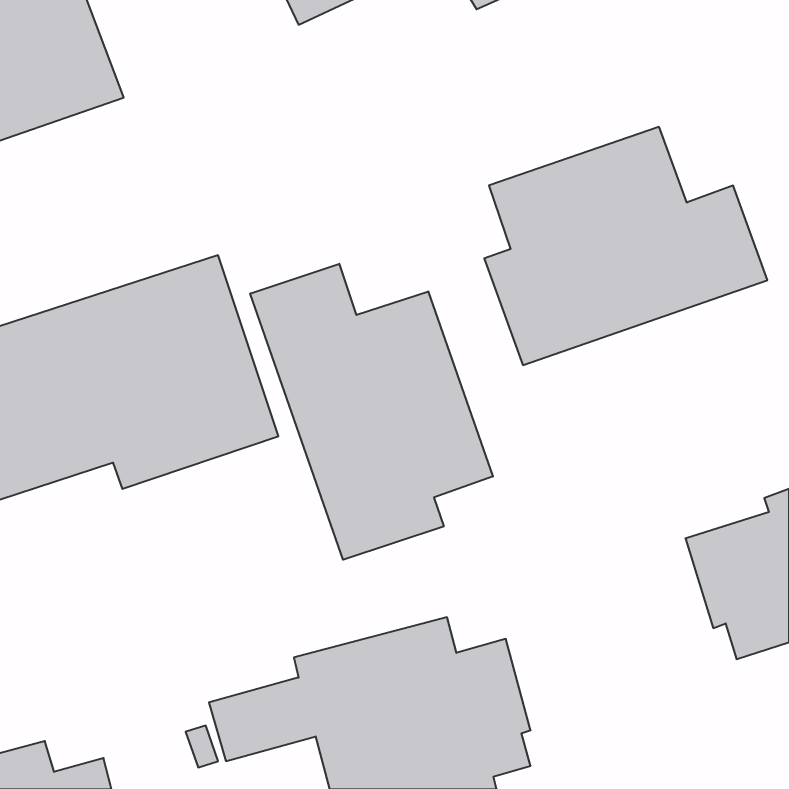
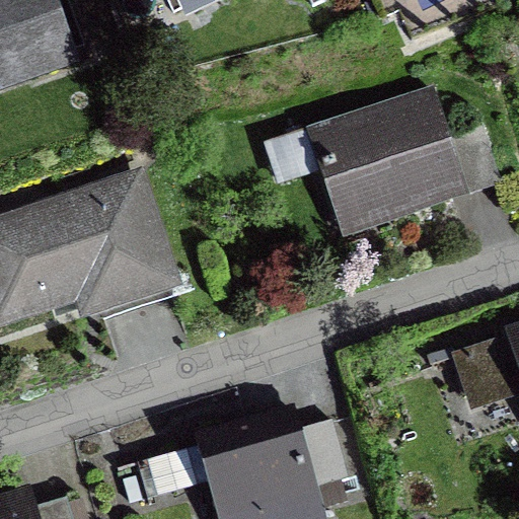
building: [250,264,493,560] -> none

